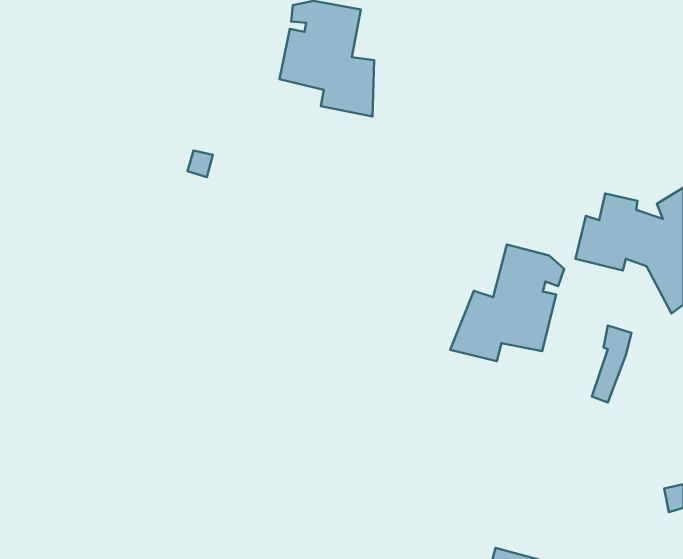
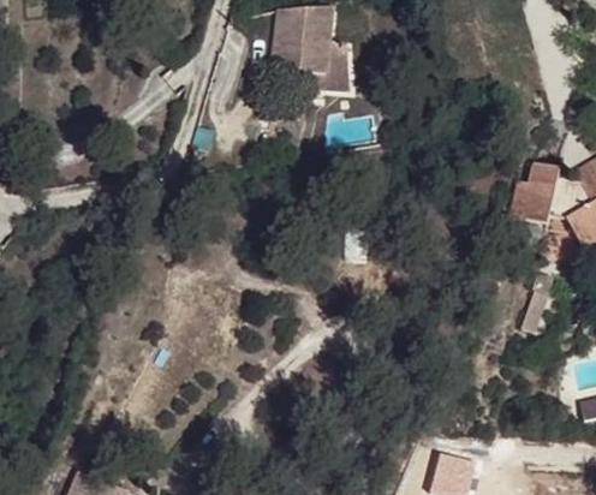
building: [450,244,564,361] -> none

